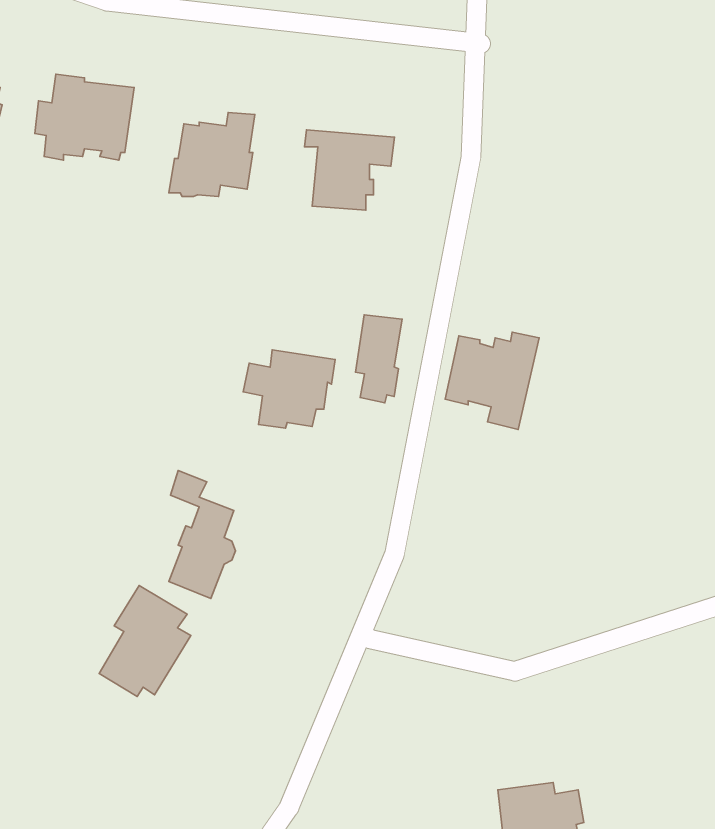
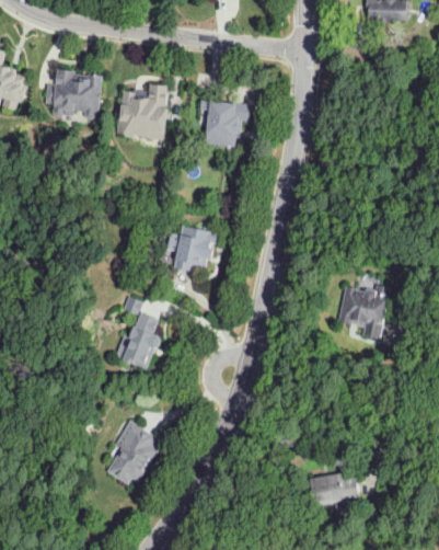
building: [356,315,402,403] -> none
building: [445,332,539,430] -> [336,284,390,340]
building: [99,586,191,697] -> [105,421,158,484]

